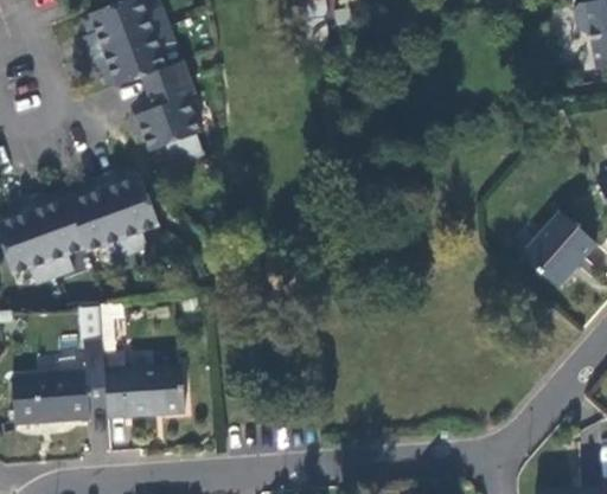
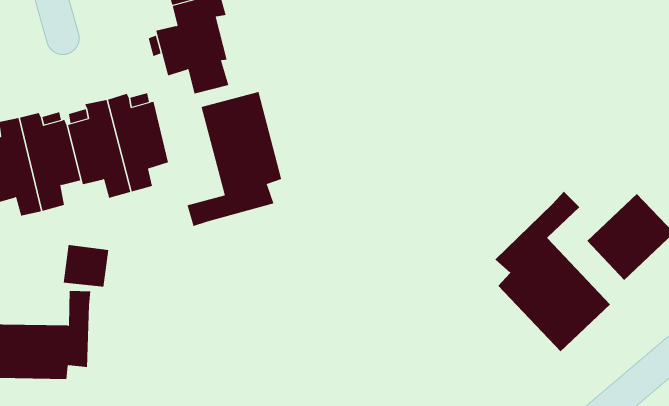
building: none -> [187,91,282,227]
building: none -> [494,191,611,352]
building: [103,352,185,418] -> none

